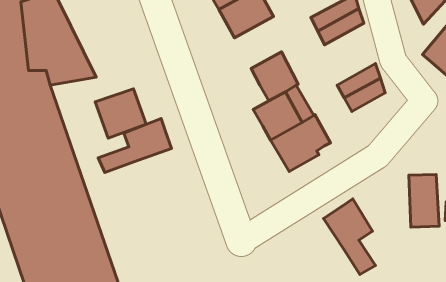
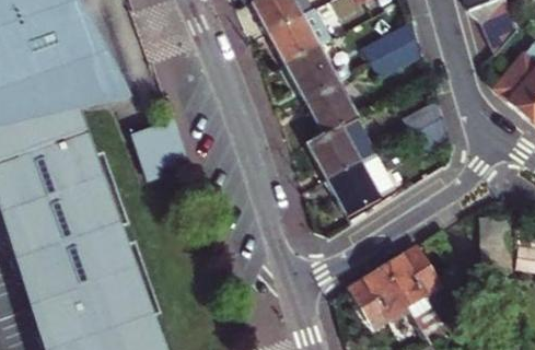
building: none -> [286,48,350,101]
building: [98,119,171,173] -> none
building: none -> [353,268,408,324]

